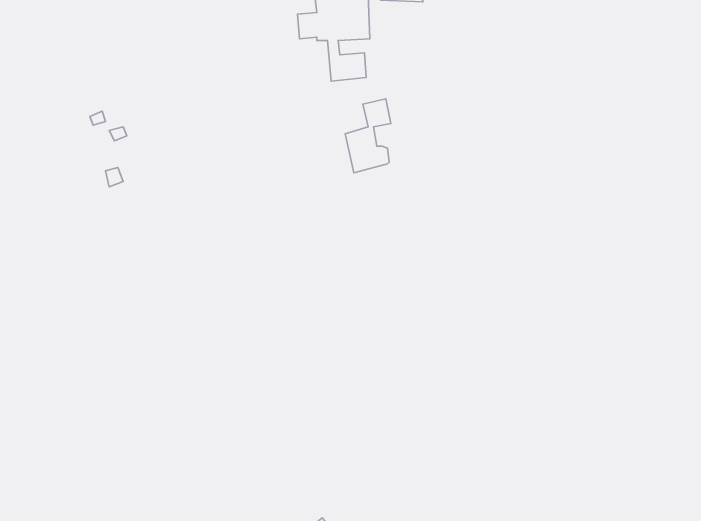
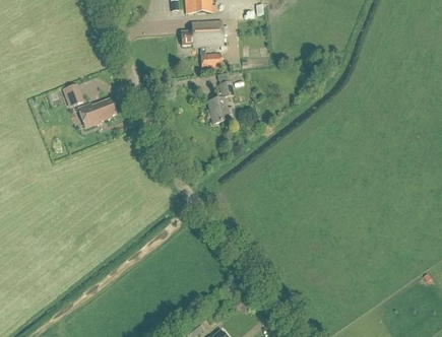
building: none -> [78,96,117,127]

